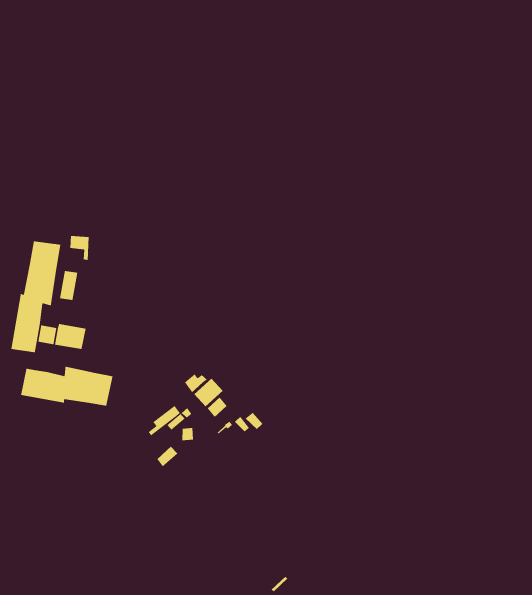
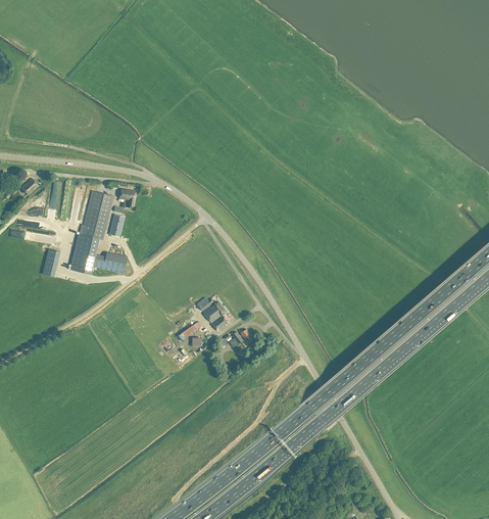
building: [21,366,113,407] -> none

